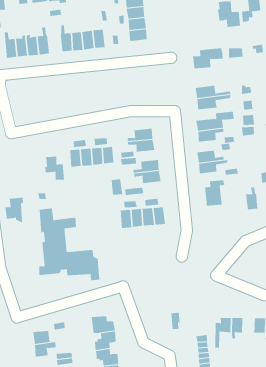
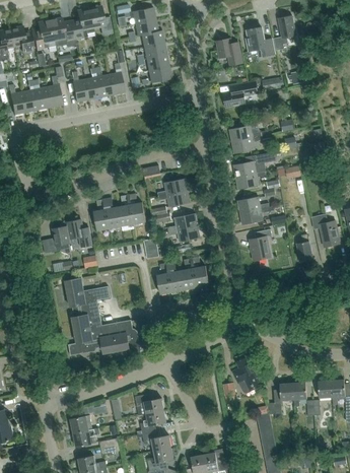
building: none -> [217,39,242,66]
building: [4,197,24,222] -> [49,225,71,254]
building: none -> [233,357,263,393]

